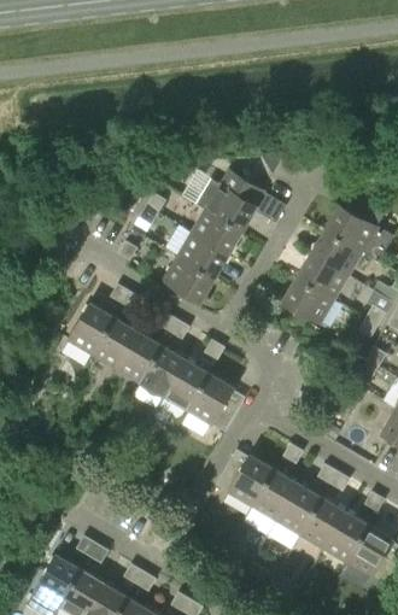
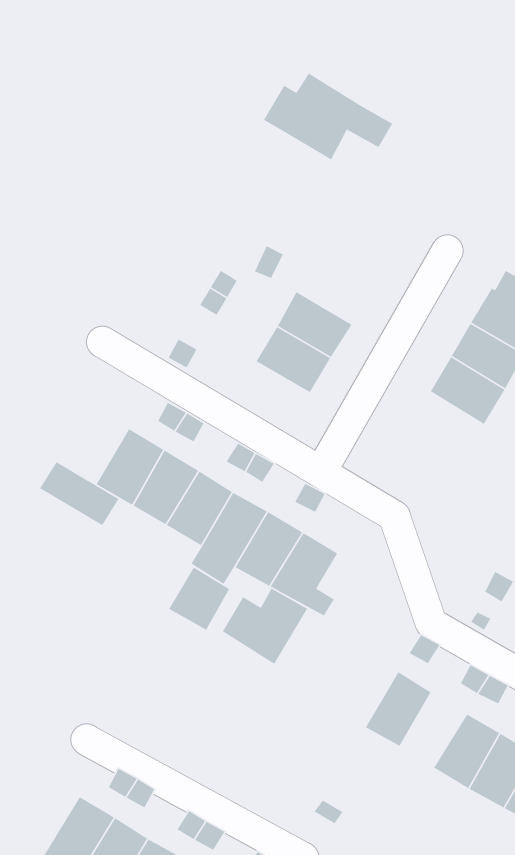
building: [197,171,286,232] -> [263,73,393,161]
building: [163,257,215,303] -> none
building: [282,277,334,324] -> none
building: none -> [39,461,119,526]
building: none -> [168,567,230,631]
building: [216,455,275,508] -> [222,587,308,665]
building: [276,484,322,535] -> none

